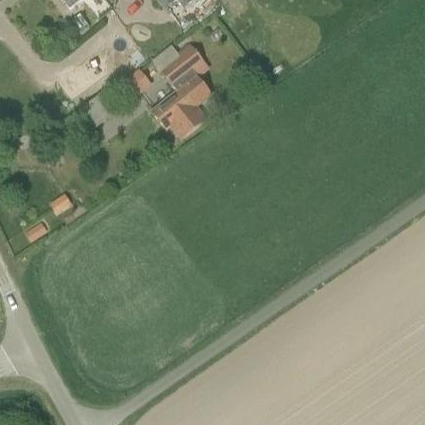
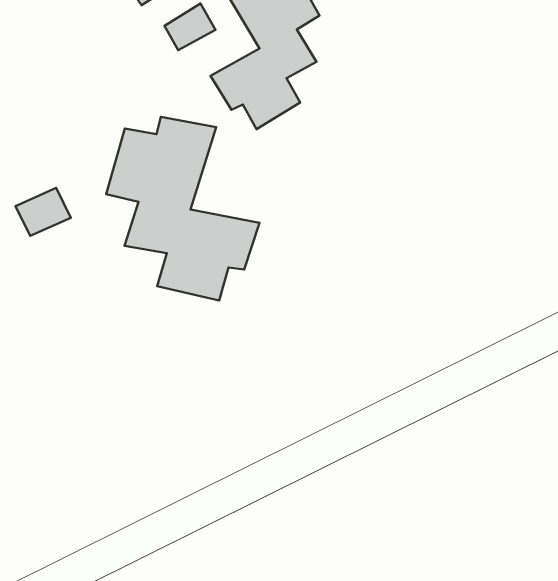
building: none -> [106,117,259,300]

